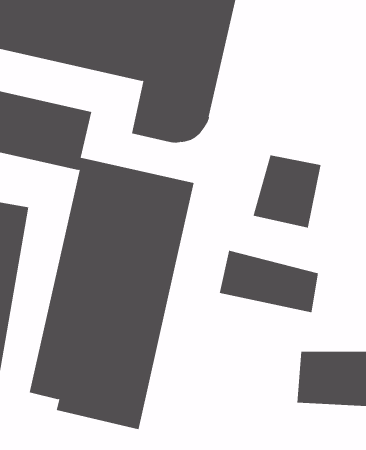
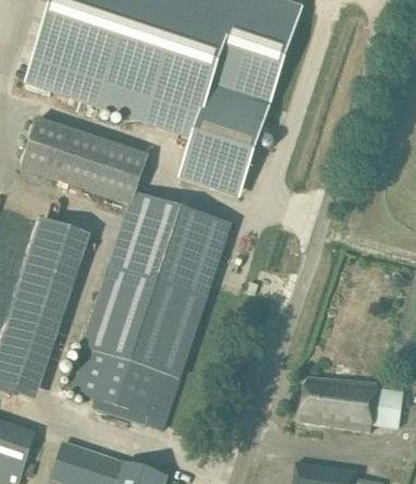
building: [253,155,321,229] -> none
building: [219,250,318,313] -> none

